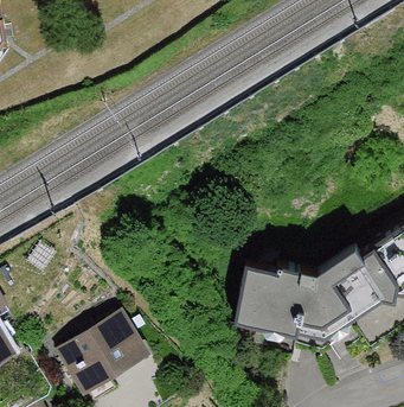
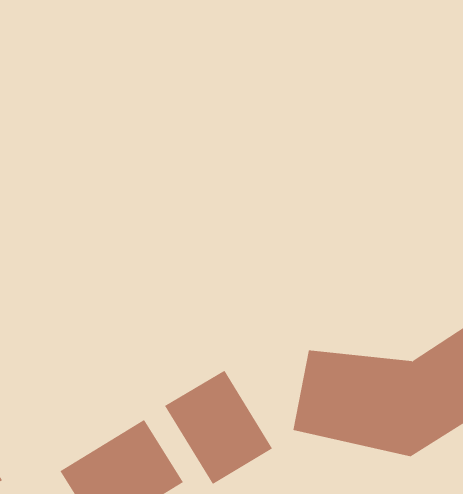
building: none -> [164,370,273,485]

